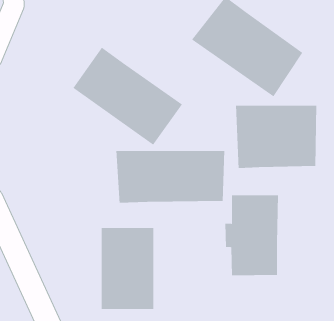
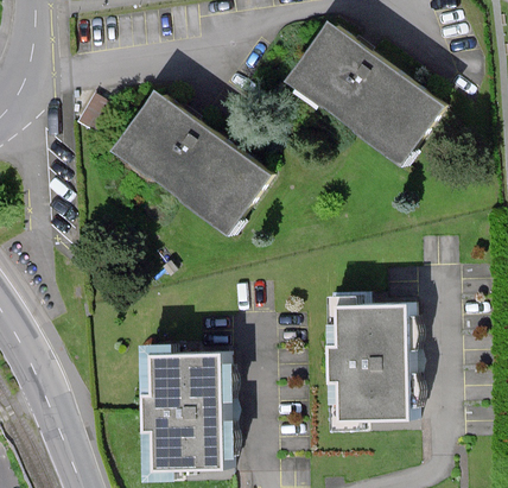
building: [236,105,317,169] -> none
building: [116,150,225,203] -> none

